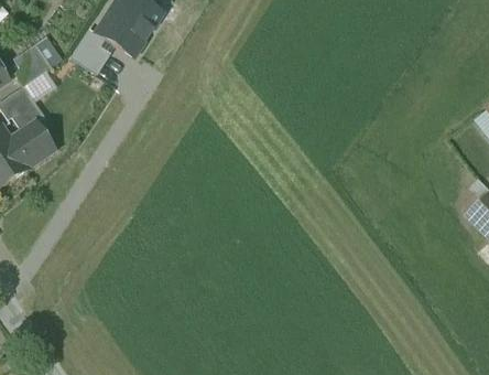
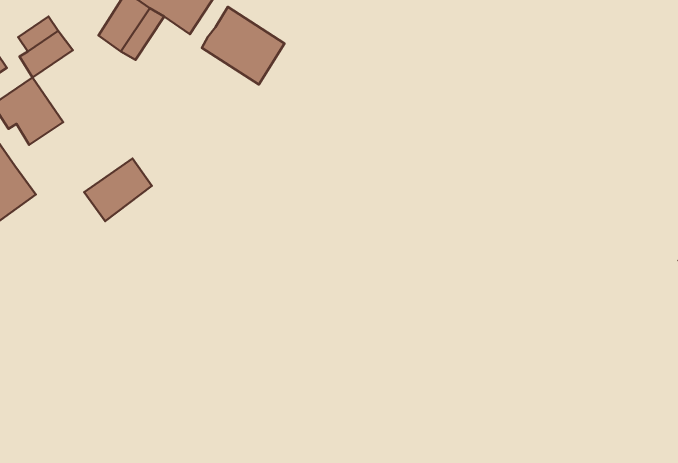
building: none -> [202,7,284,85]
building: [12,122,58,165] -> [84,159,152,221]

